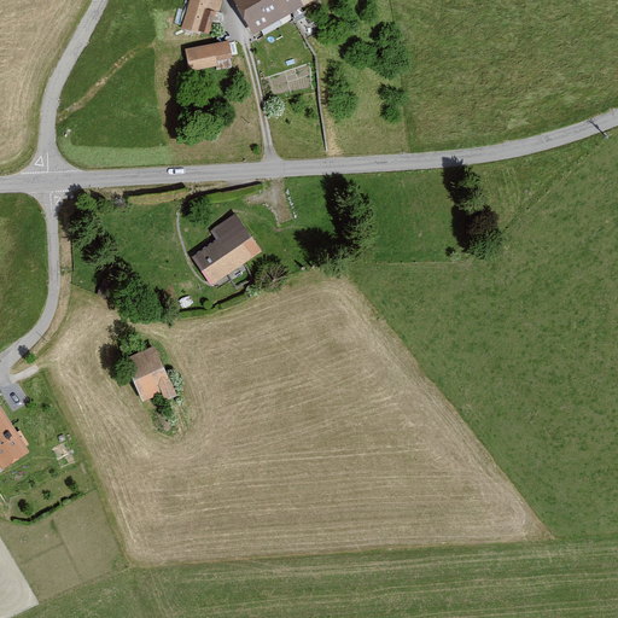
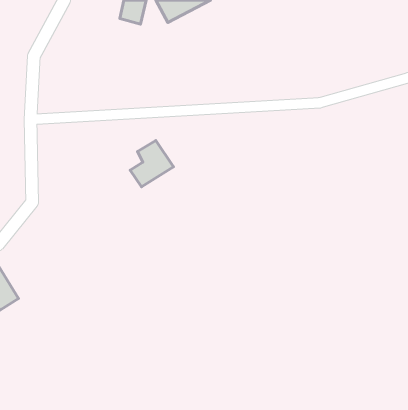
building: [182,40,237,69] -> none
building: [122,344,173,398] -> none

